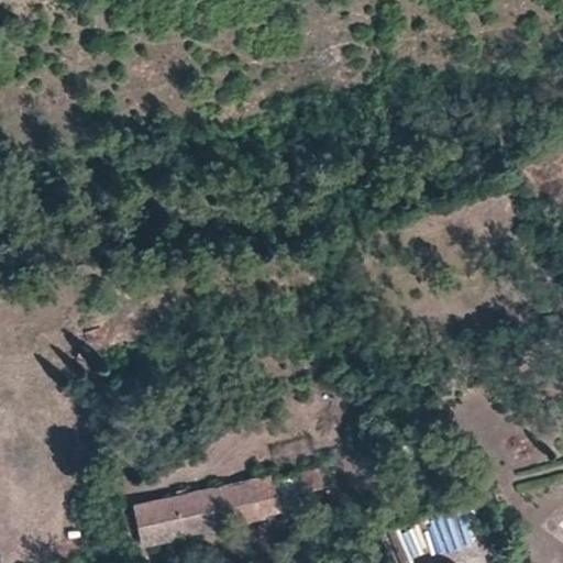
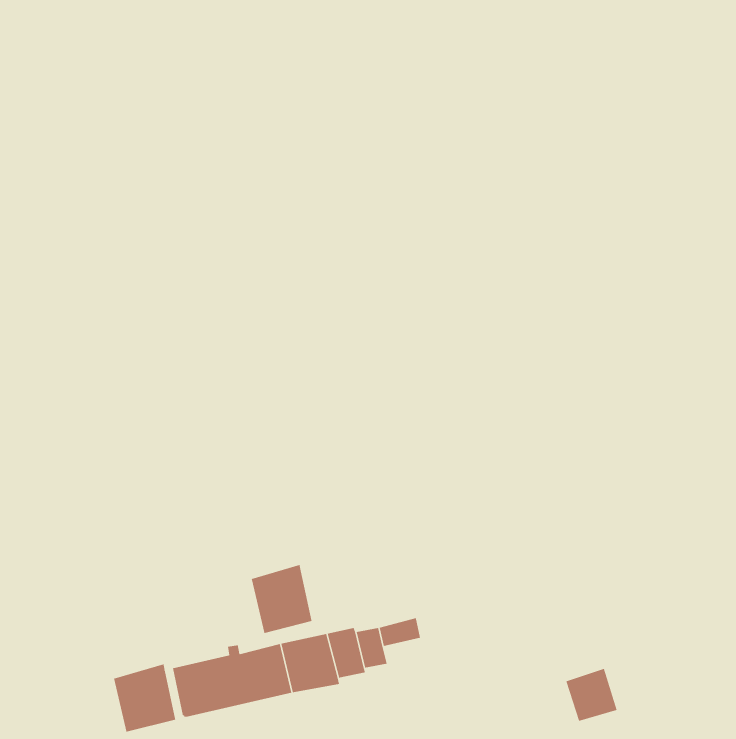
building: none -> [251,564,312,634]
building: none -> [113,664,176,733]

